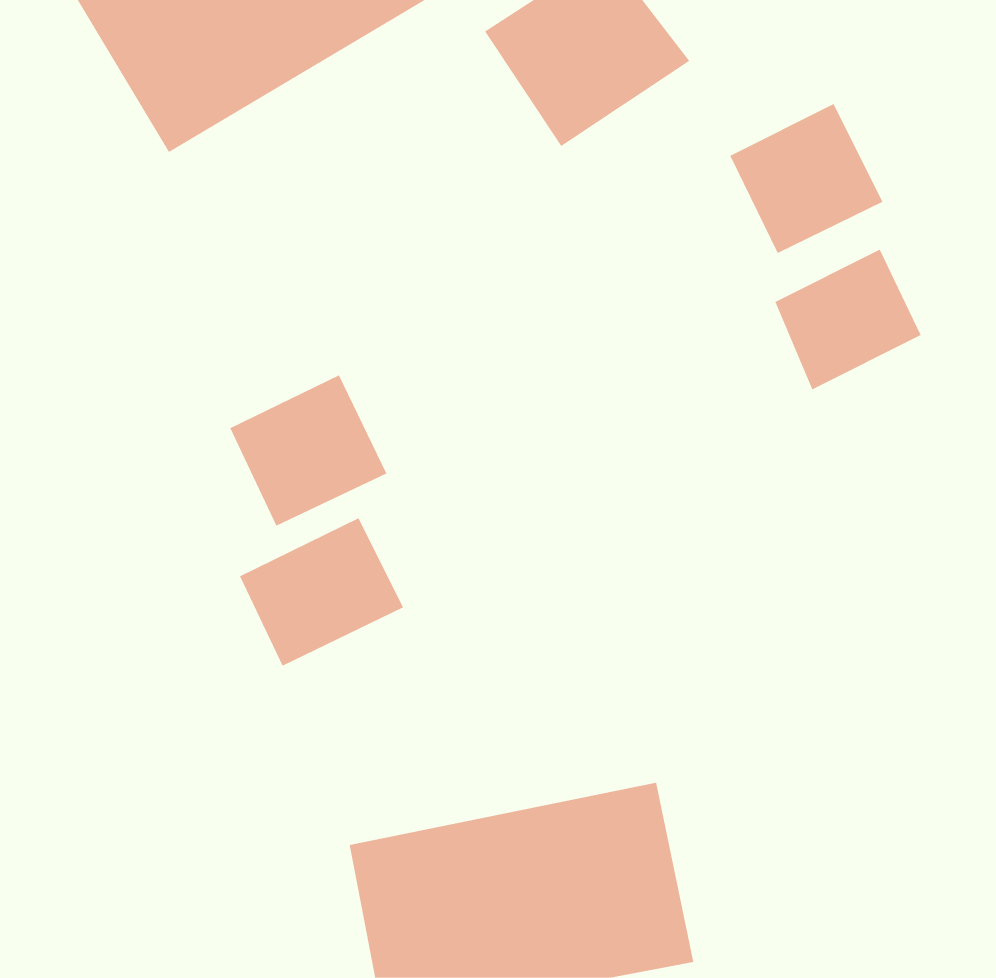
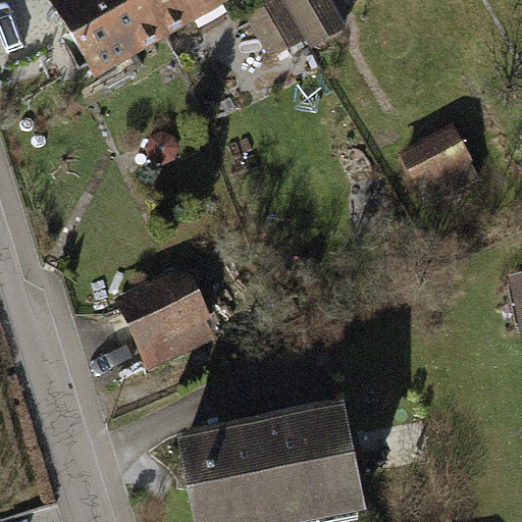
building: [729,103,883,254] -> none
building: [230,374,387,526] -> none

